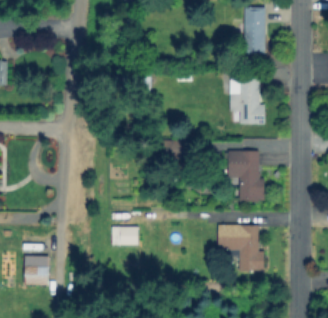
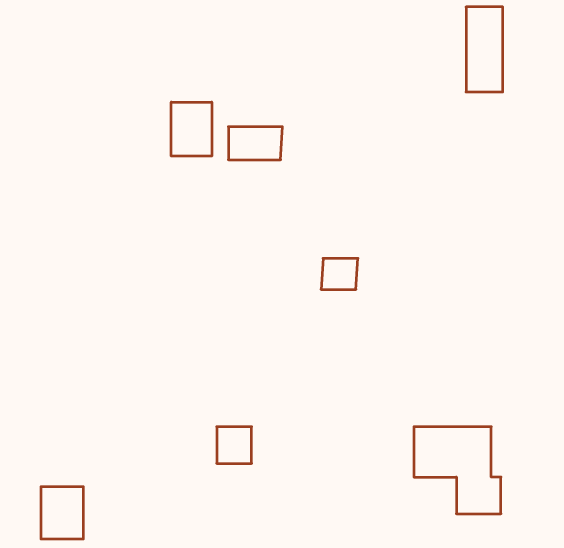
building: none -> [171,102,212,156]
building: [233,80,262,124] -> none
building: [229,152,261,201] -> none

